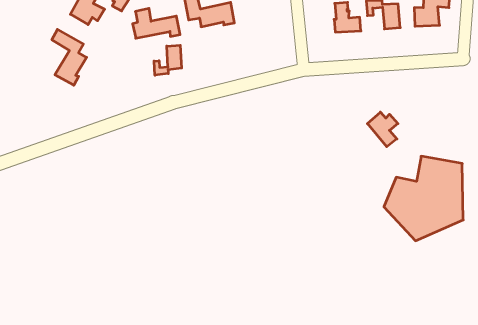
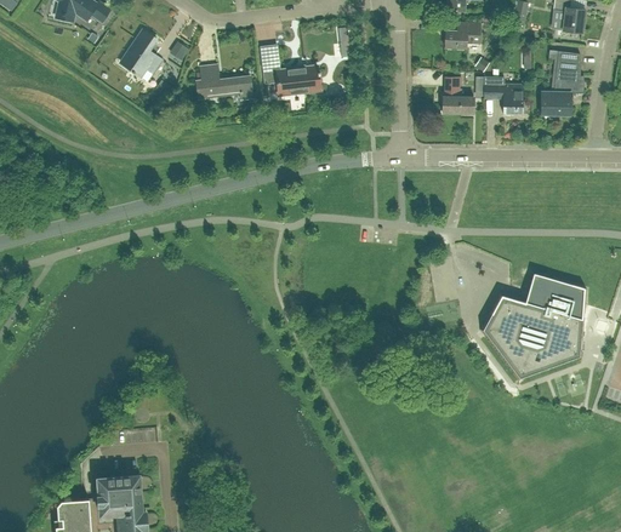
building: [52,29,87,85] -> none
building: [154,45,182,75] -> none
building: [367,112,398,147] -> none

